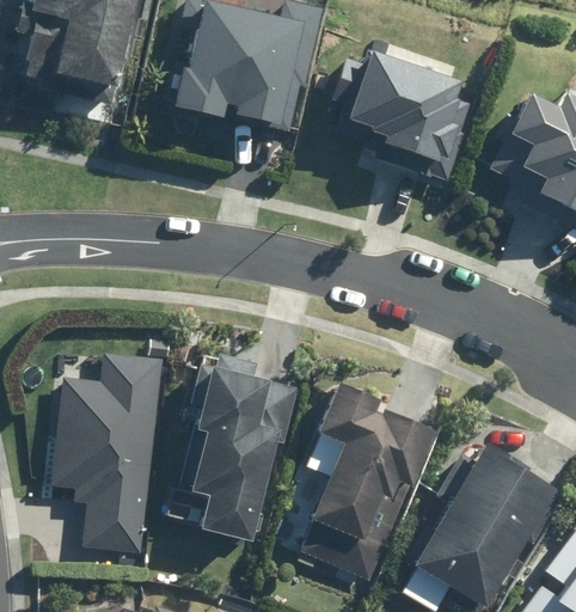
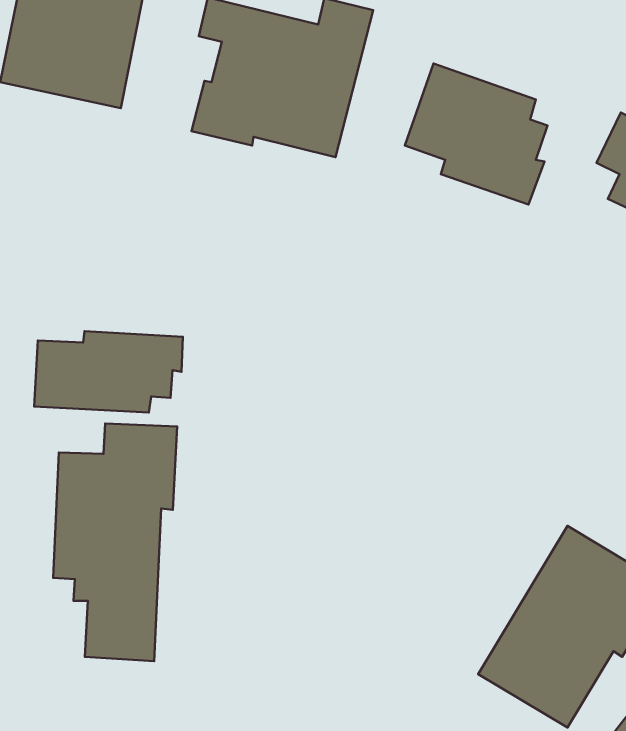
building: none -> [34,331,183,412]
building: [184,353,300,541] -> none
building: [298,385,437,587] -> none

